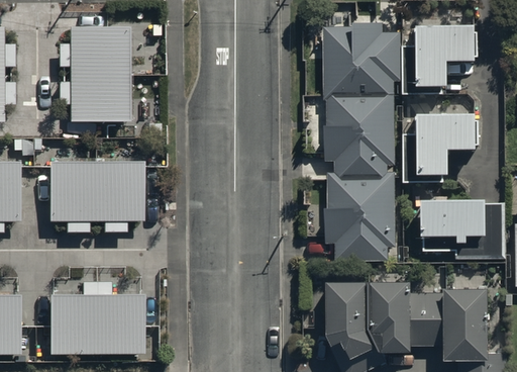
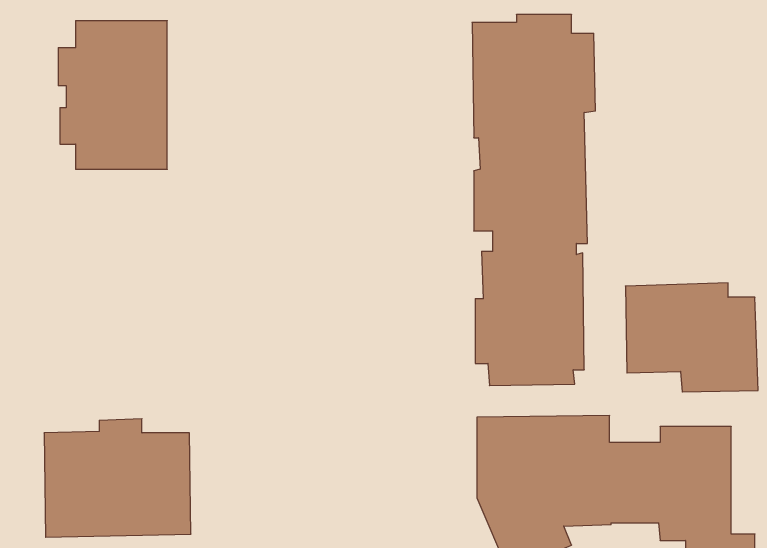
building: [402,22,479,96] -> none
building: [402,108,479,186] -> none
building: [46,159,141,234] -> none

